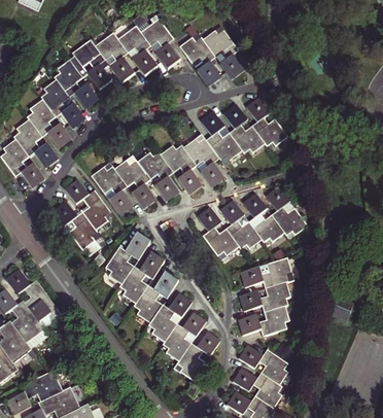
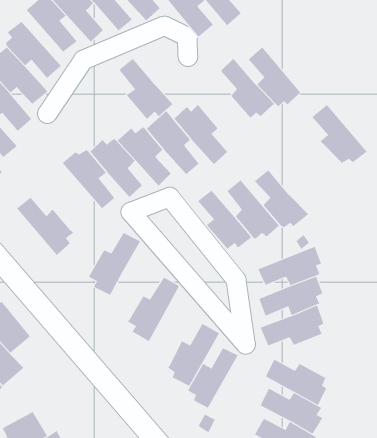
building: [201,110,242,160] -> [118,58,173,119]
building: [65,178,110,229] -> none
building: [265,185,307,234] -> [311,104,368,164]
building: [119,252,163,303] -> none
building: [147,292,192,342] -> none

